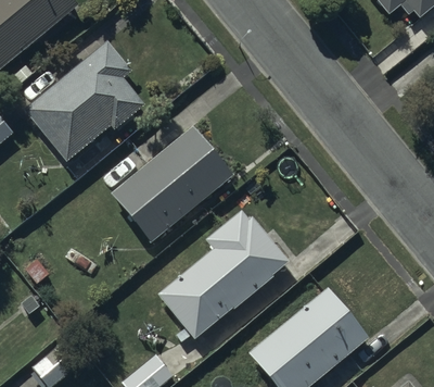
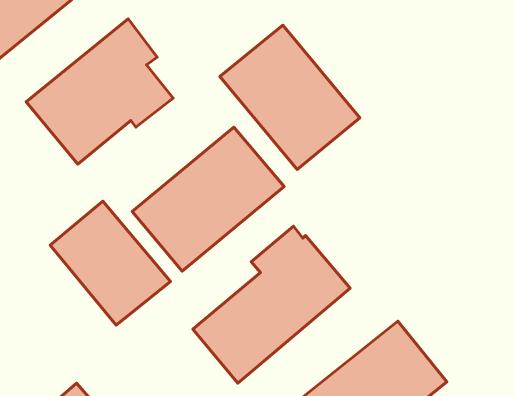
building: none -> [220,25,360,169]
building: none -> [50,201,170,325]

